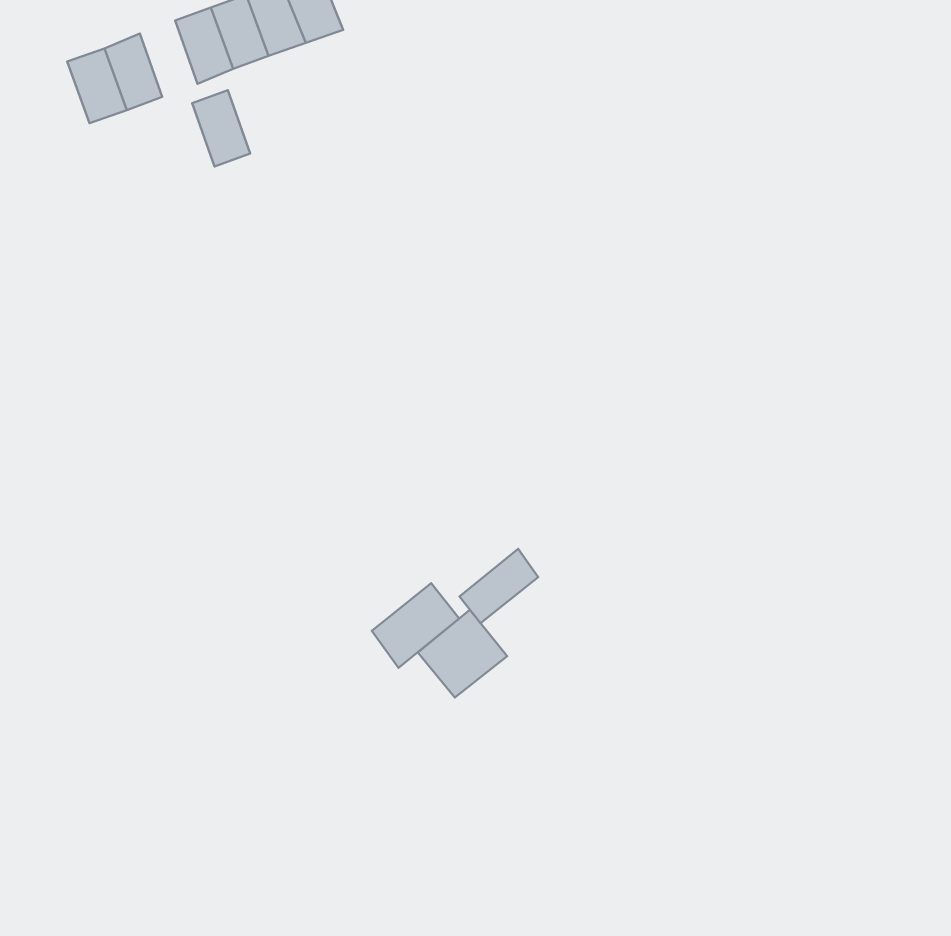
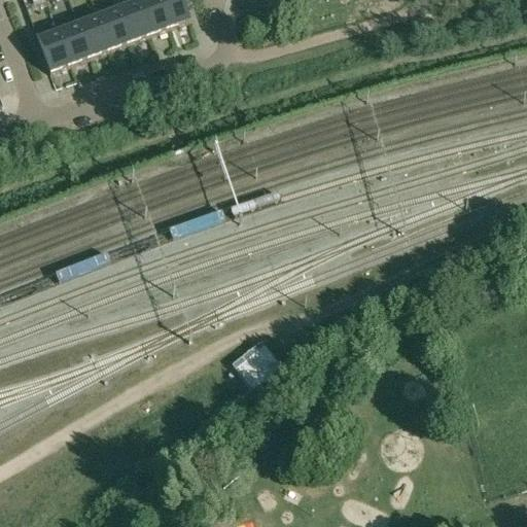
building: [192,90,250,167] -> [77,11,109,54]
building: [459,549,538,623] -> none
building: [372,583,459,668] -> none

